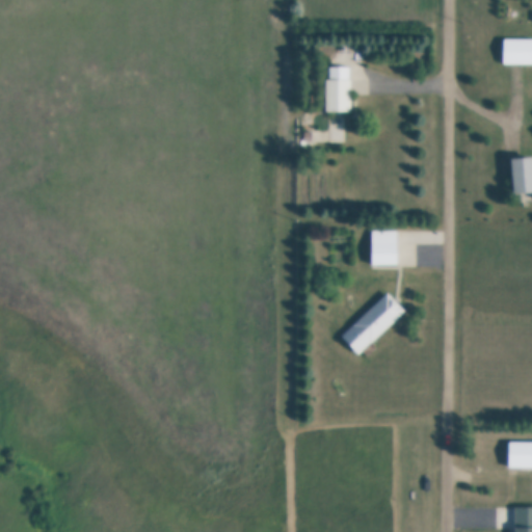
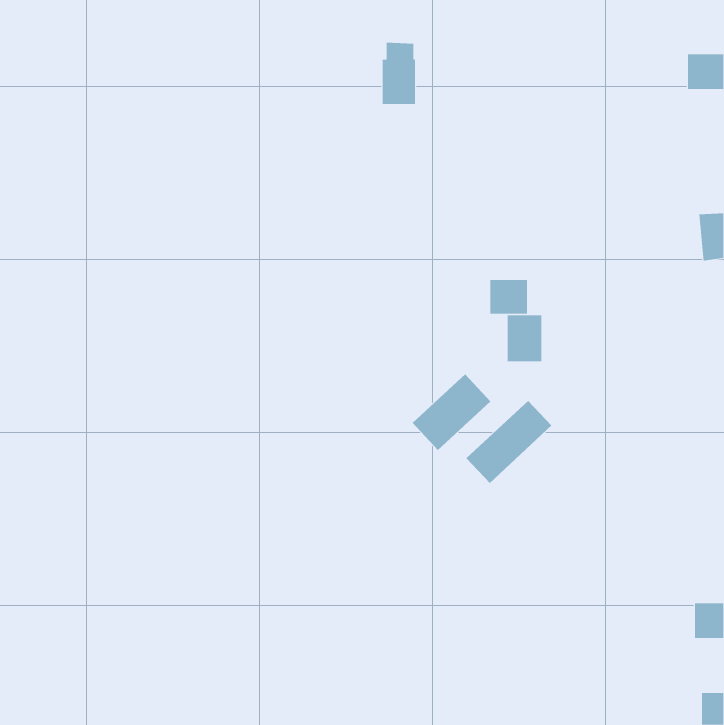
building: [325,66,350,112] -> [382,42,416,104]
building: none -> [490,279,528,314]
building: none -> [412,373,491,451]

